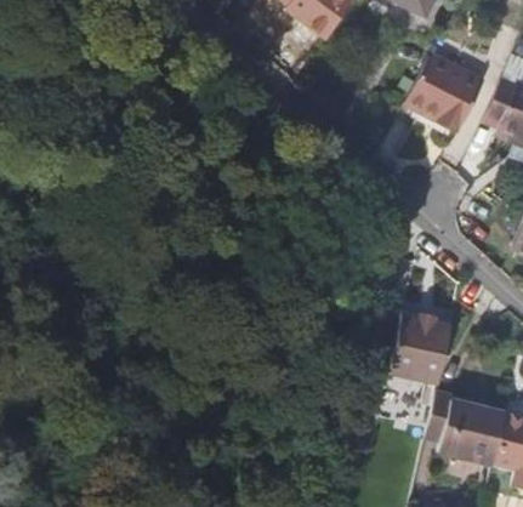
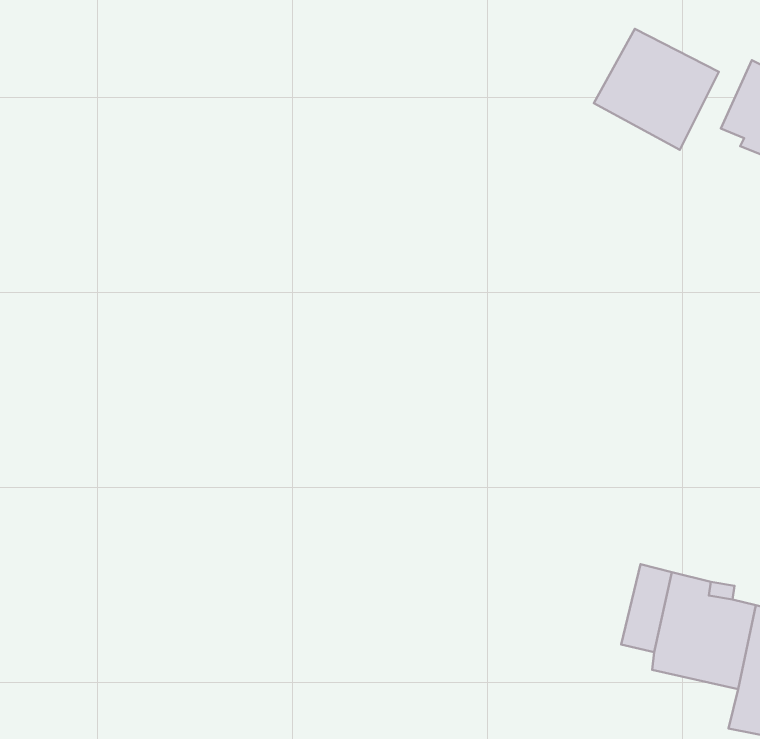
building: [385,307,449,384] -> none

